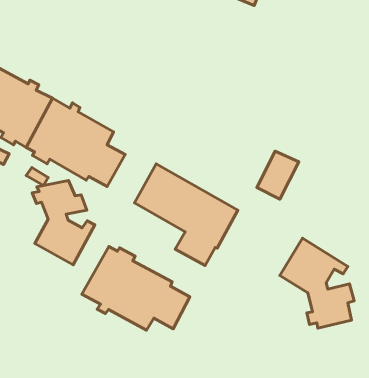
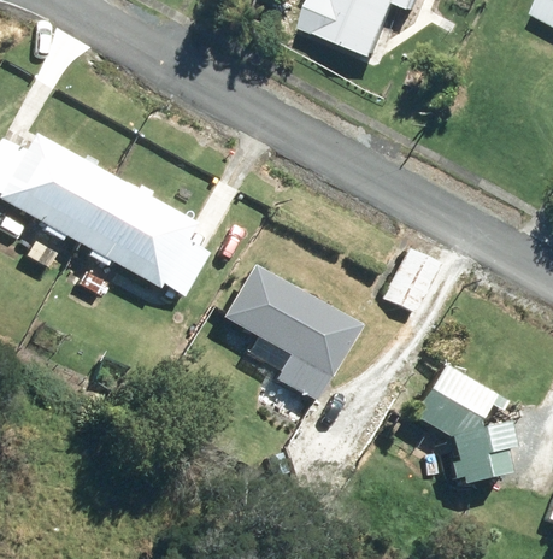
building: [32,181,95,265] -> none
building: [82,246,190,330] -> none

